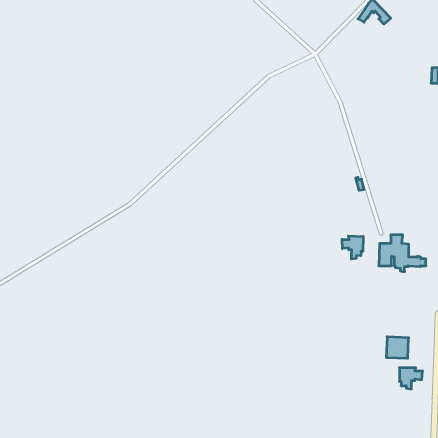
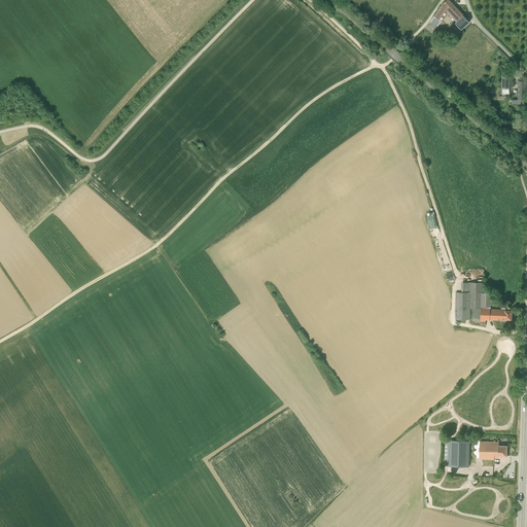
building: [342,236,363,259] -> none
building: [386,337,409,358] -> [443,441,469,466]

